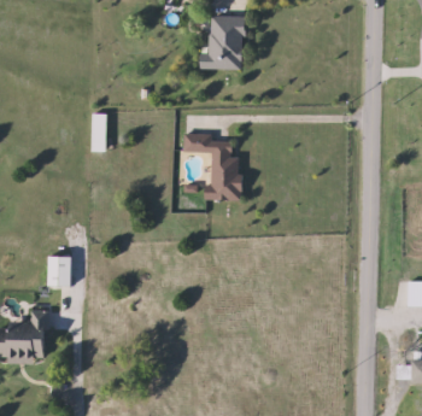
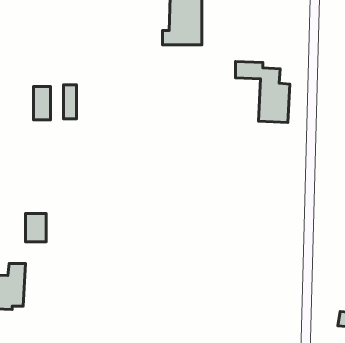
building: none -> [33,87,51,120]
building: [182,133,242,200] -> [235,61,290,122]

